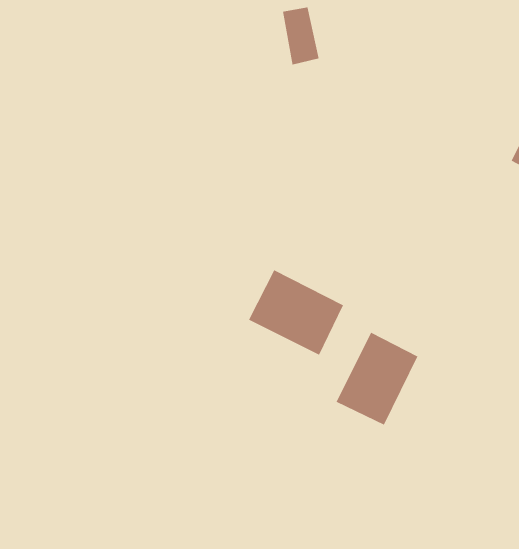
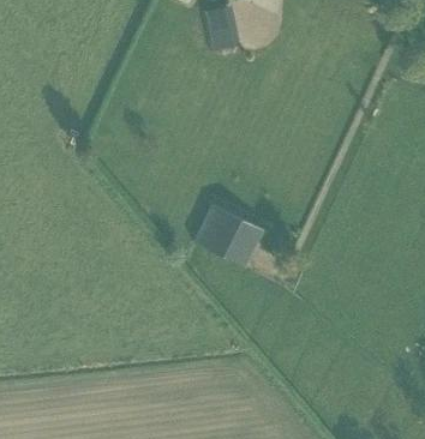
building: [336,332,418,425] -> none

